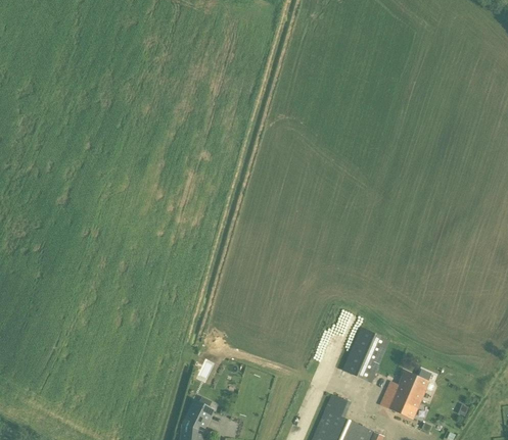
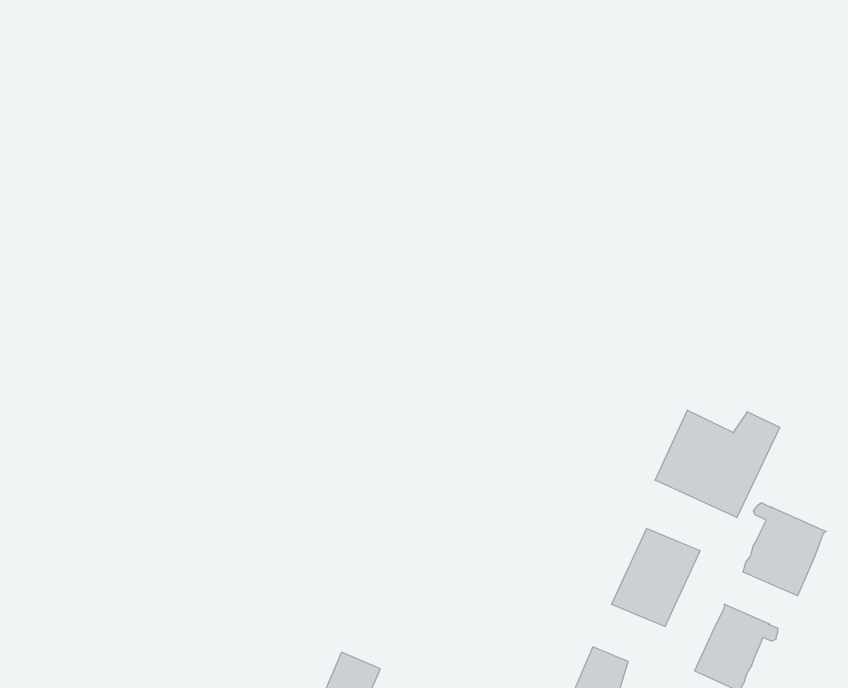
building: none -> [655,410,780,518]
building: none -> [743,503,826,596]

